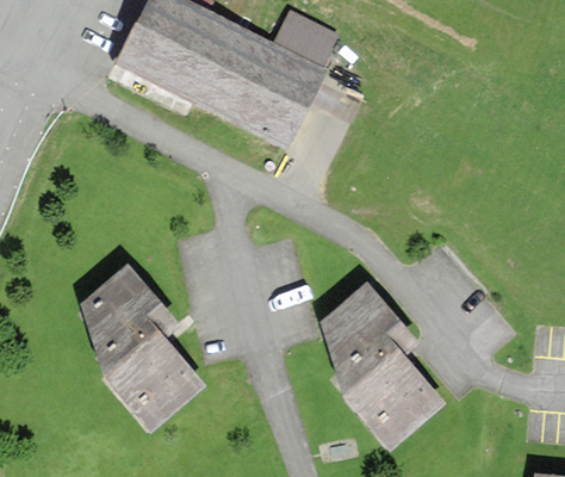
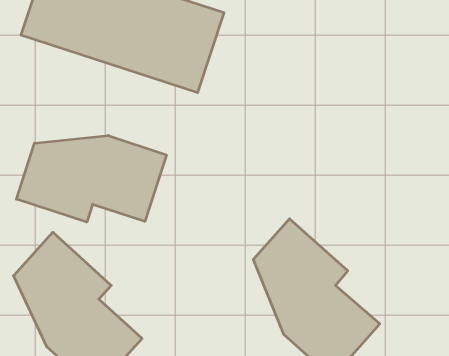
building: none -> [16,135,166,222]

